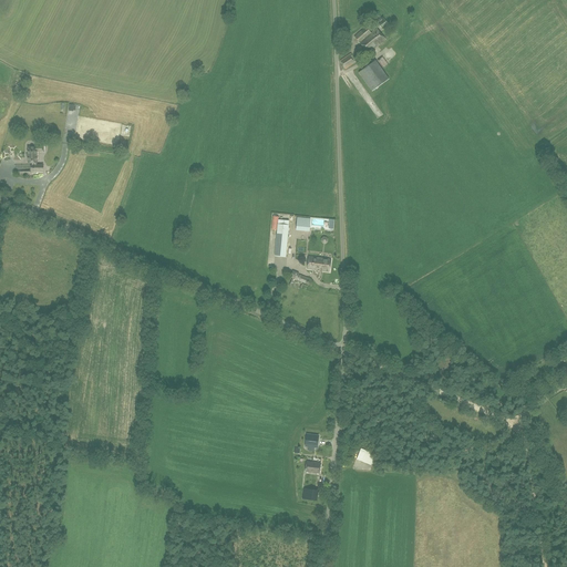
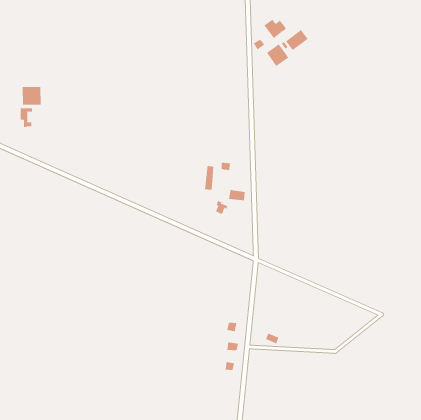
building: none -> [285,29,309,51]
building: none -> [22,86,41,106]

